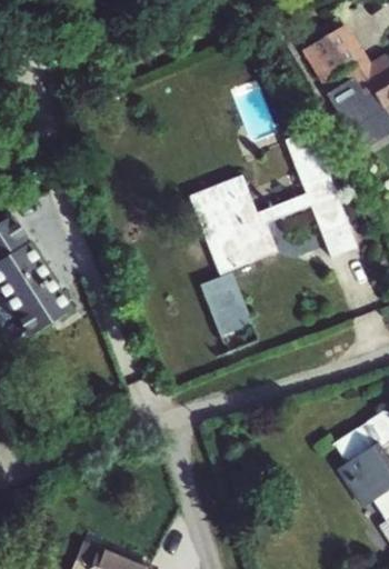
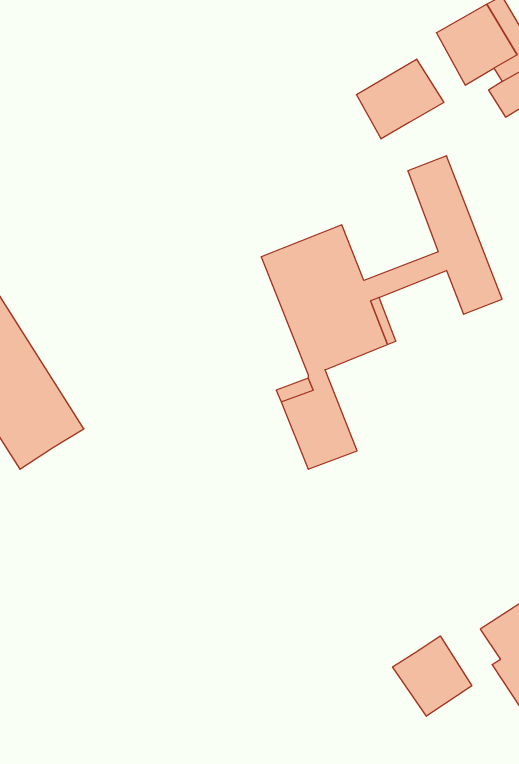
building: none -> [356,59,444,139]
building: none -> [393,636,472,716]

